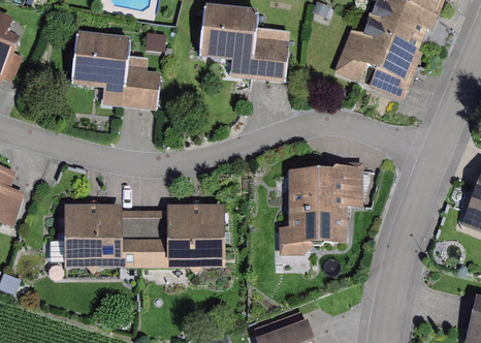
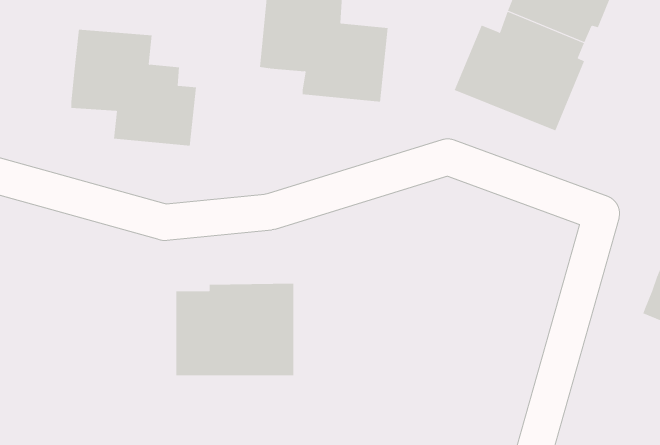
building: [279,160,363,252] -> none
building: [64,202,145,266] -> none

